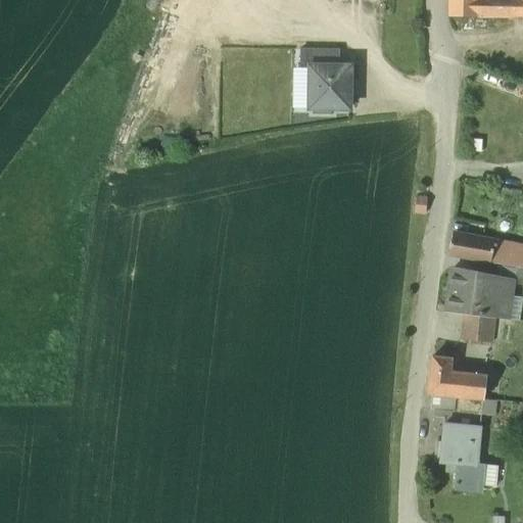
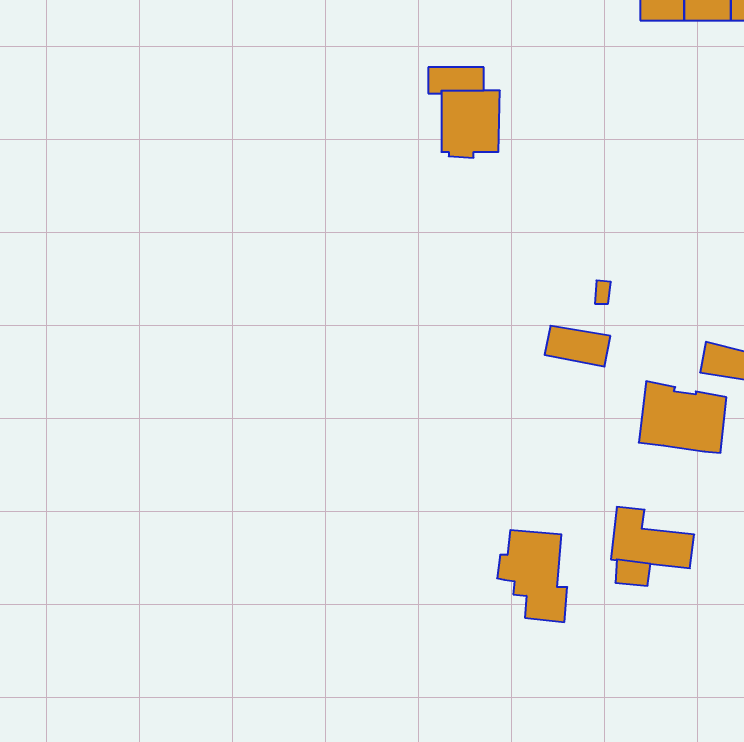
building: [449,232,495,260] -> [545,326,610,367]
building: [463,312,494,340] -> none
building: [436,422,485,486] -> [497,530,567,622]

